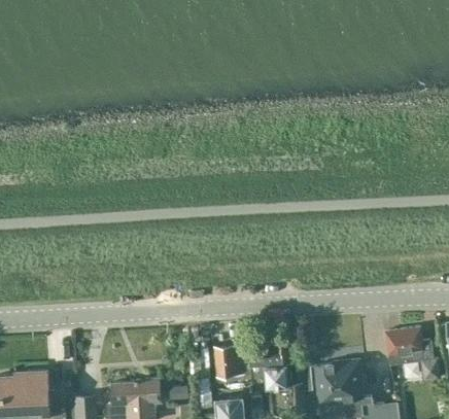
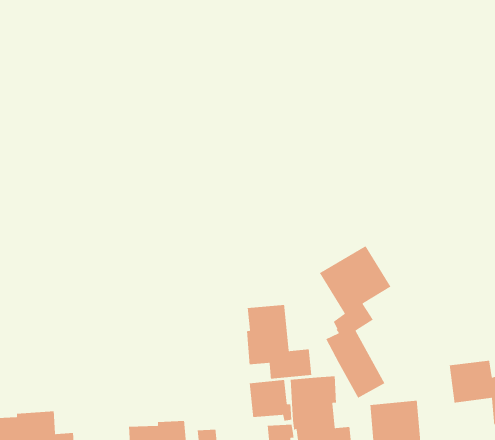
building: none -> [319,245,392,399]
building: none -> [246,304,312,380]

